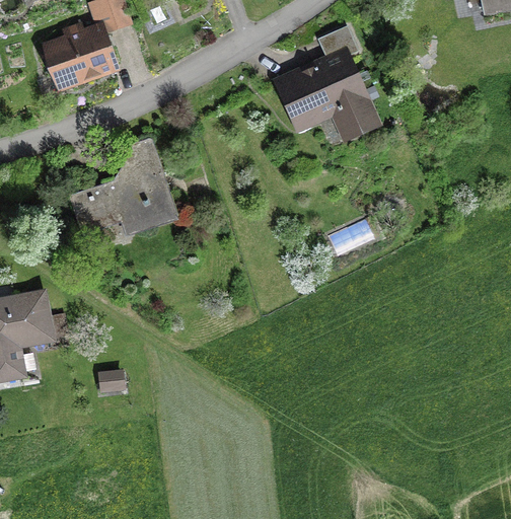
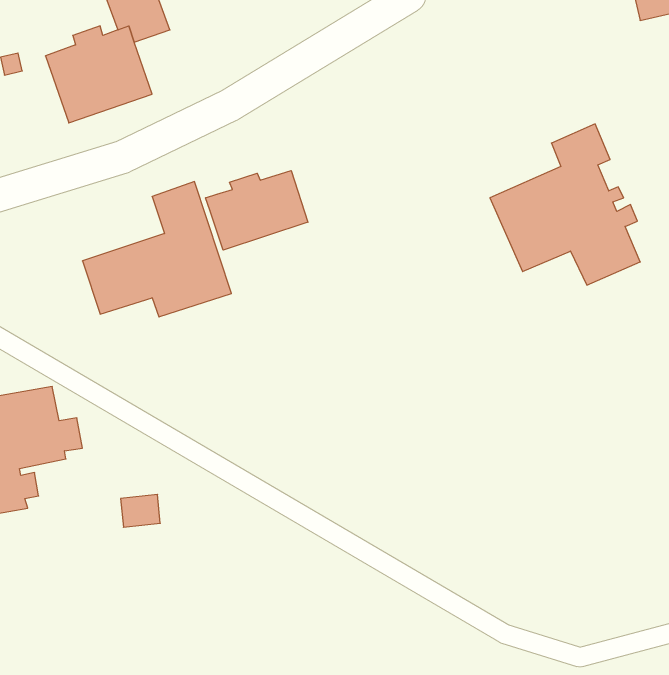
building: [271,23,382,143] -> [490,124,640,285]
building: none -> [206,171,308,250]

